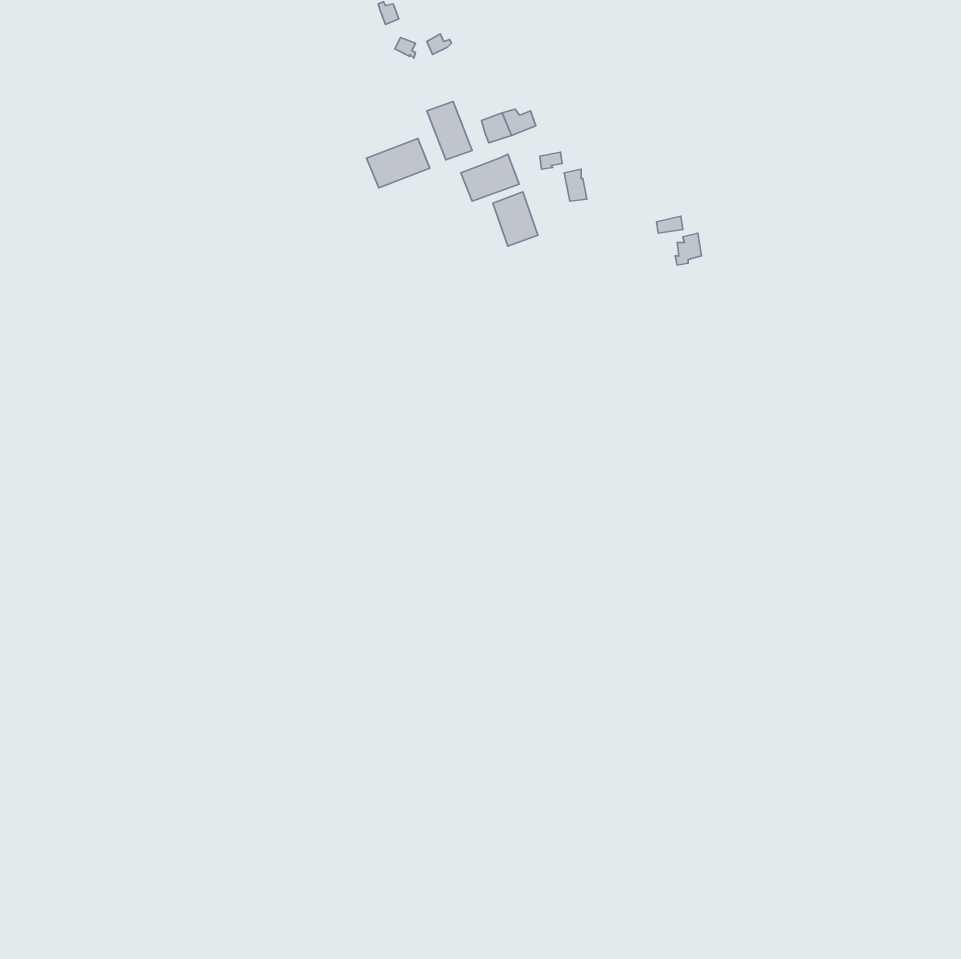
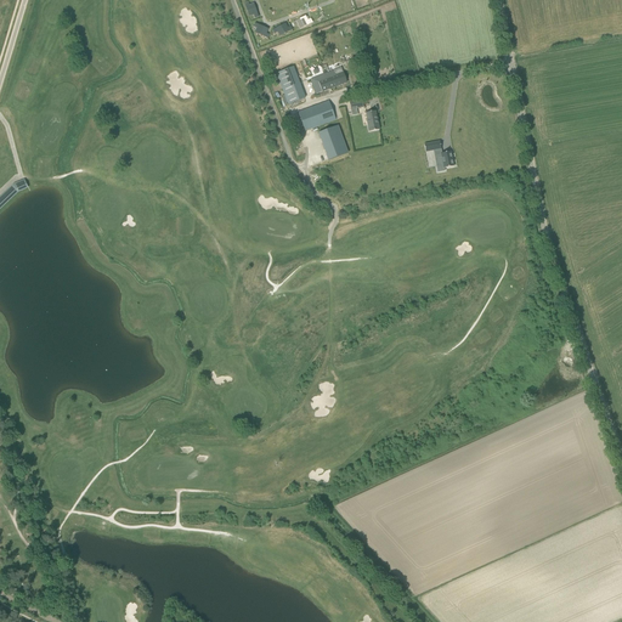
building: [367,138,430,188] -> none

